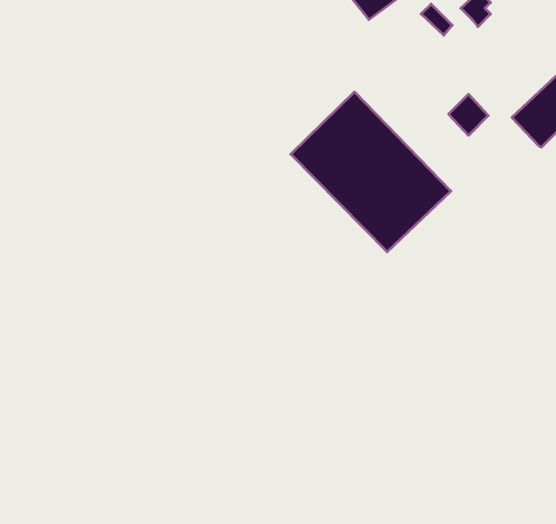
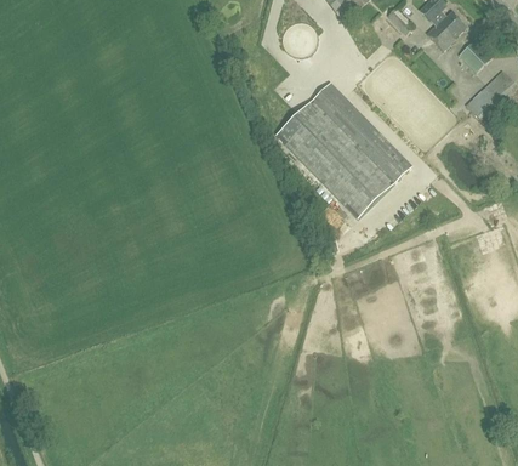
building: none -> [426,11,466,50]
building: [449,94,488,135] -> [457,36,491,72]

